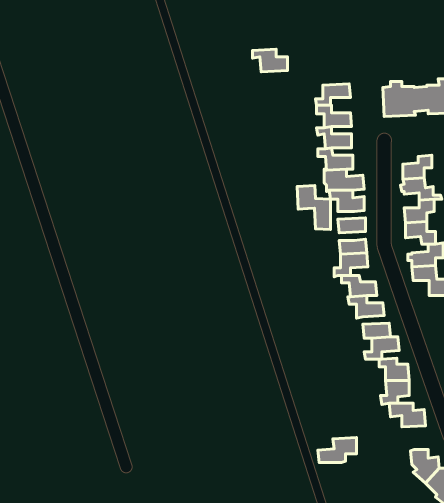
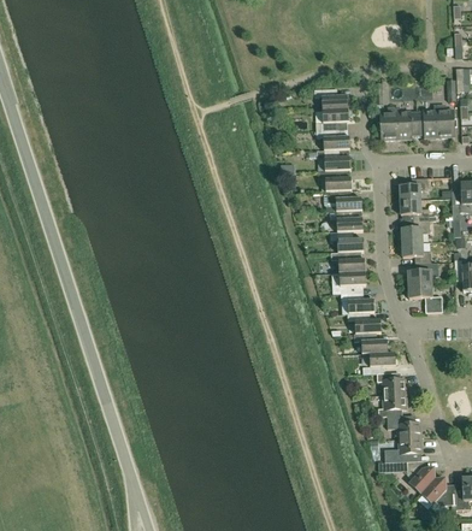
building: [252,49,287,72] -> [314,87,348,108]
building: [297,186,330,230] -> none
building: [318,437,357,463] -> [384,436,421,460]

